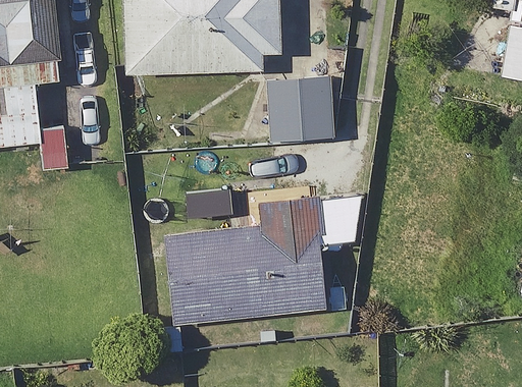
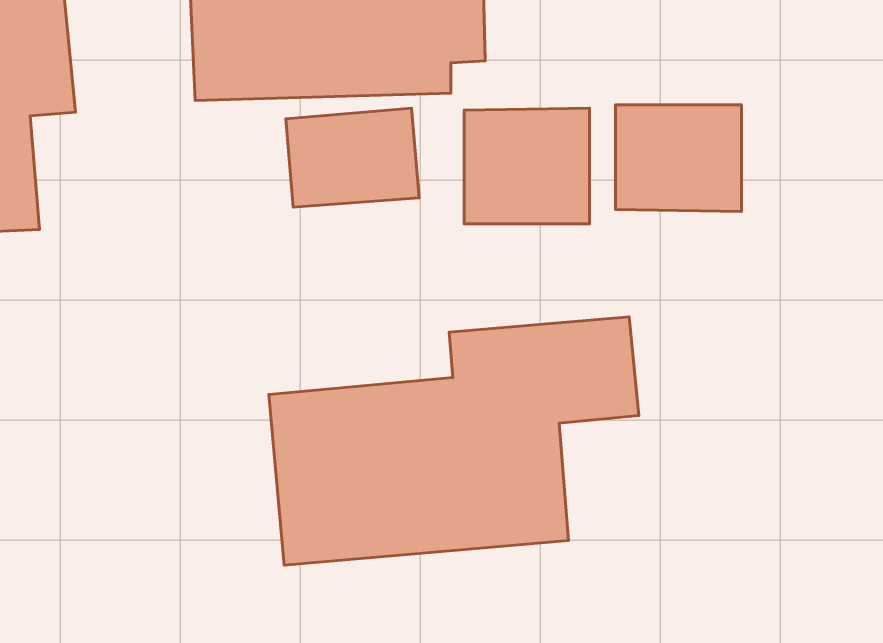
building: none -> [615,105,741,211]
building: none -> [286,108,419,207]

